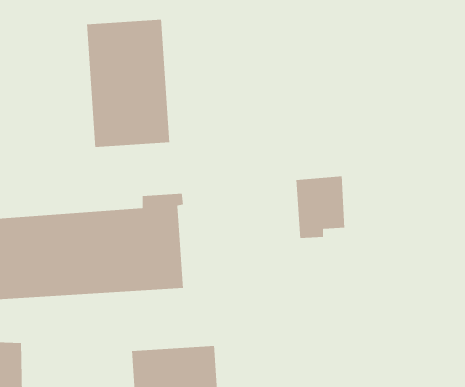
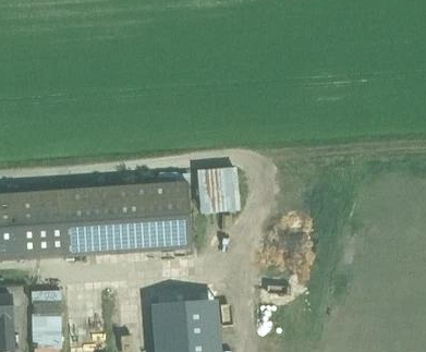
building: [86,19,170,148] -> none
building: [295,175,345,239] -> [198,167,239,218]

